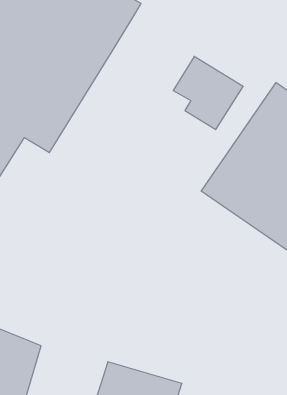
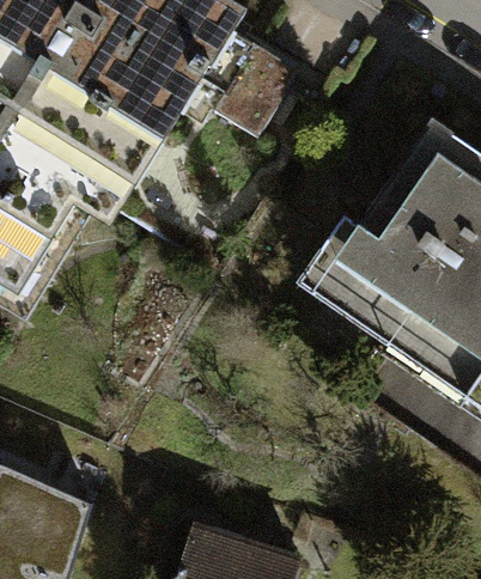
building: [173,56,243,130] -> [199,30,299,135]

